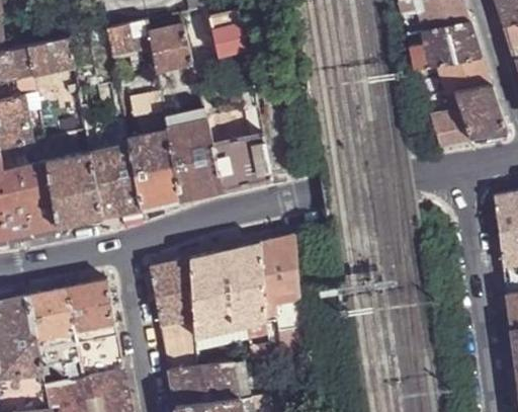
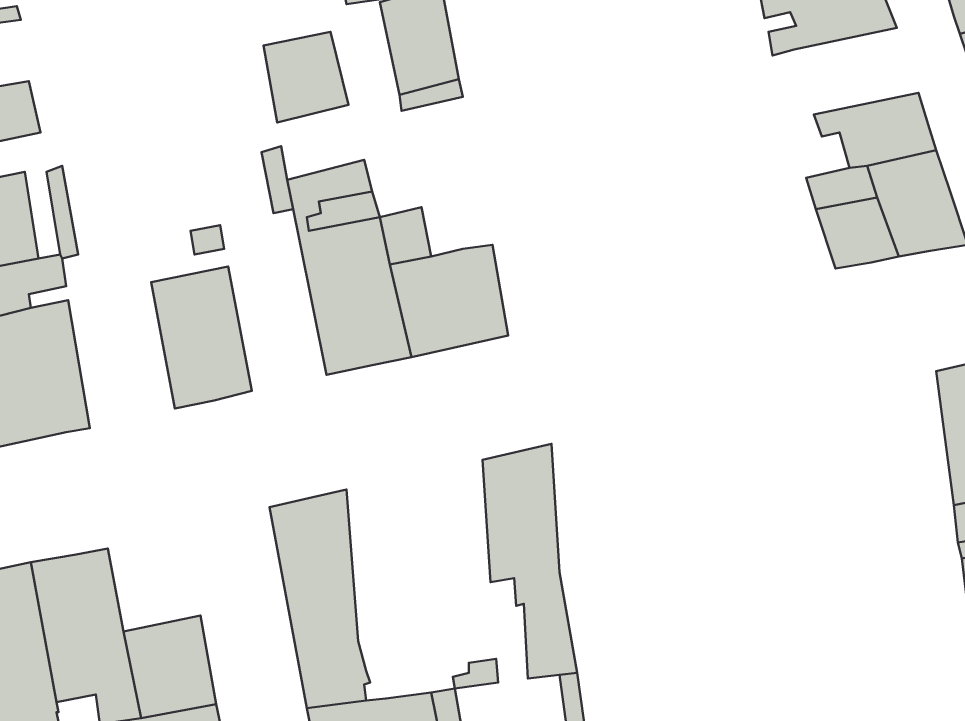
building: [411,22,483,71] -> none
building: [106,24,150,57] -> none
building: [26,40,73,76] -> none
building: [127,131,179,209] -> none
building: [47,153,101,228] -> none
building: [189,244,264,352] -> none
building: [67,281,114,332] -> none

